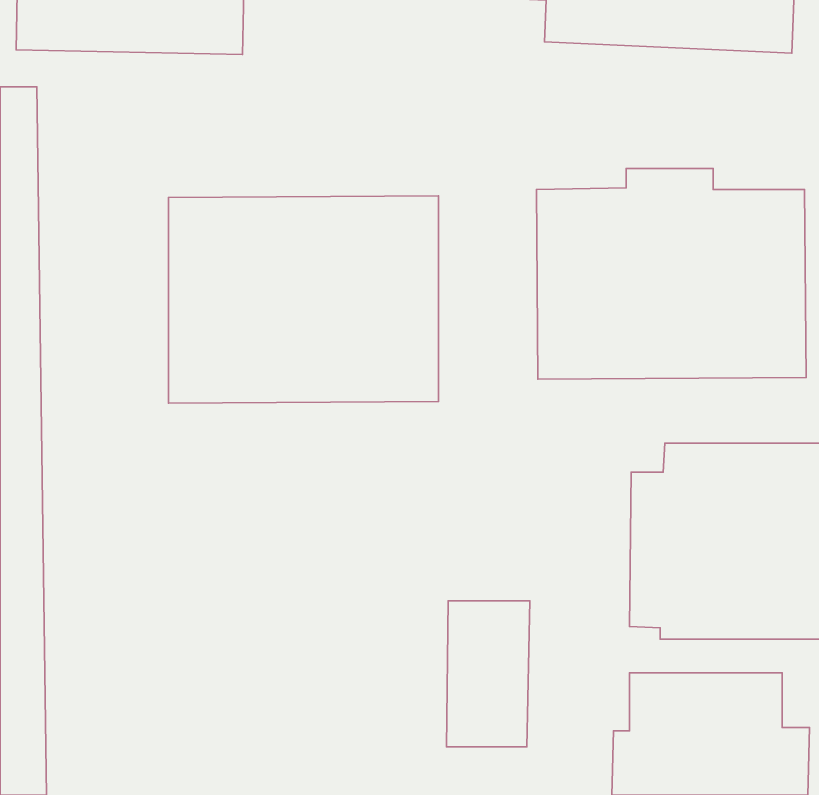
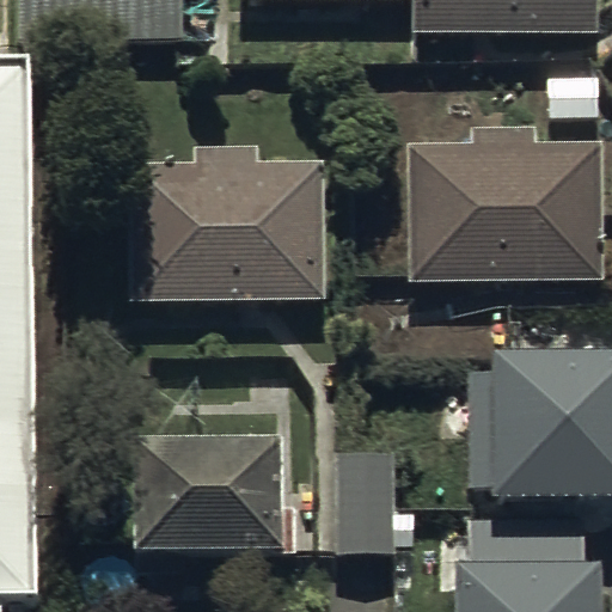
building: none -> [130,440,280,570]

